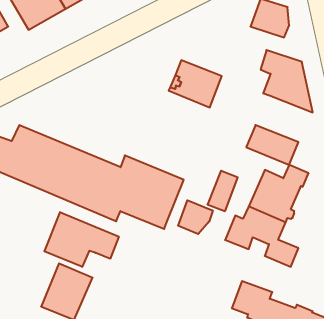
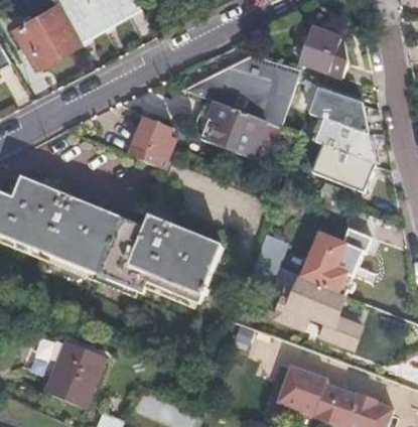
building: none -> [185,55,298,125]
building: none -> [131,117,175,167]
building: [246,125,298,165] -> [312,144,375,191]
building: [178,200,213,234] -> none
building: [44,212,119,267] -> none

